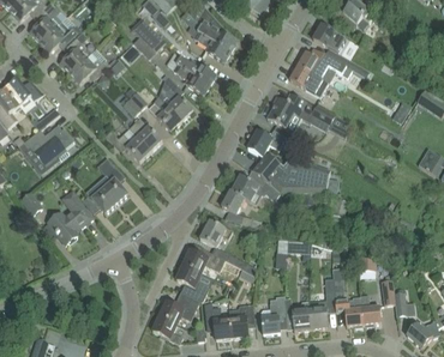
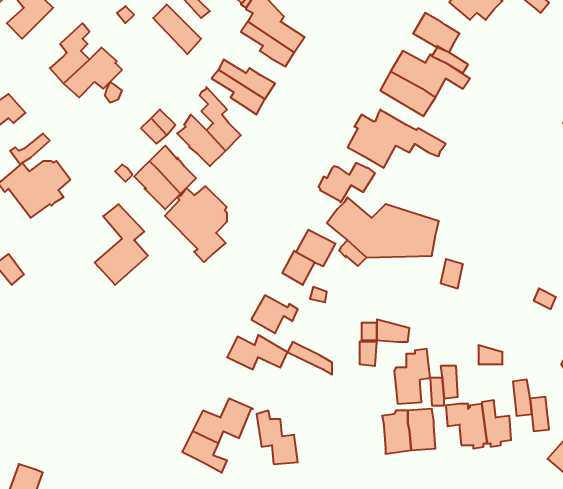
building: [40,20,82,52] -> none
building: none -> [165,186,227,262]
building: [47,190,92,244] -> none
building: [175,264,209,301] -> none
building: [260,295,286,333] -> [394,349,430,404]
building: [228,304,253,337] -> none

